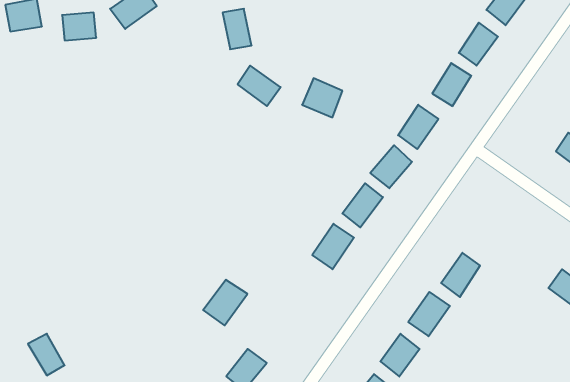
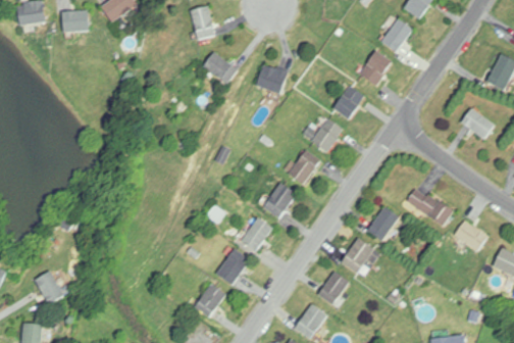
building: none -> [406,185,453,226]
building: none -> [241,216,273,250]
building: [203,280,247,325] -> [215,248,251,285]

